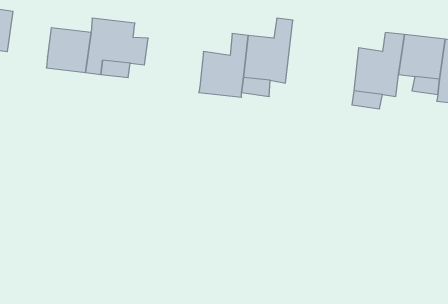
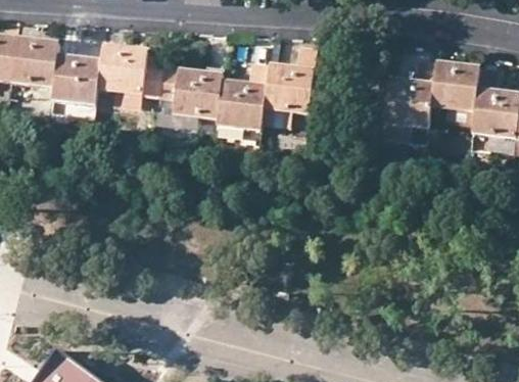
building: none -> [10,37,58,85]
building: none -> [157,65,222,117]

